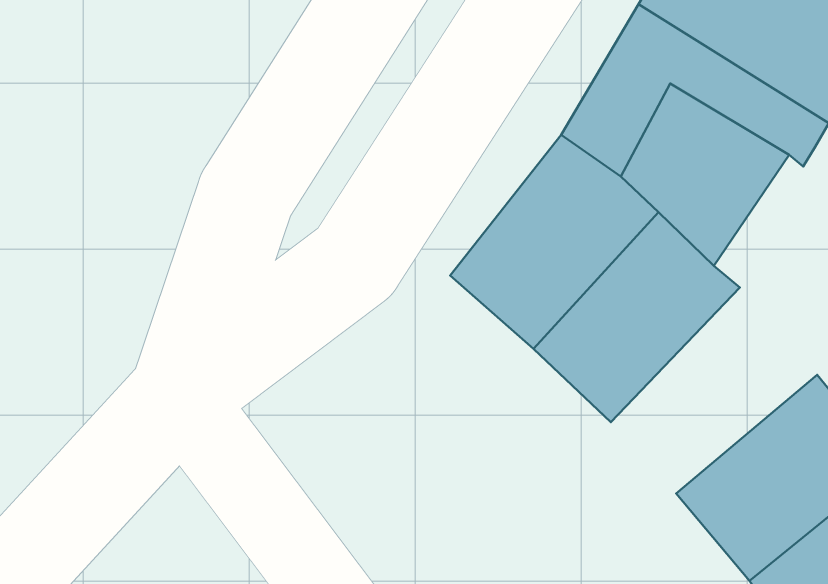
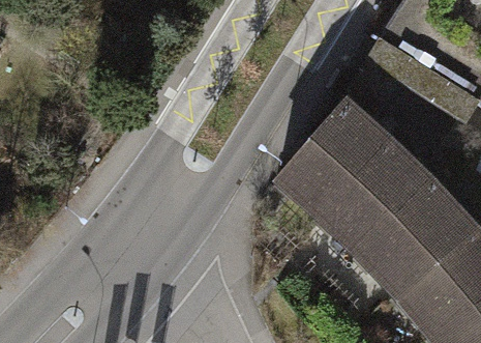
building: none -> [363,187,471,294]

